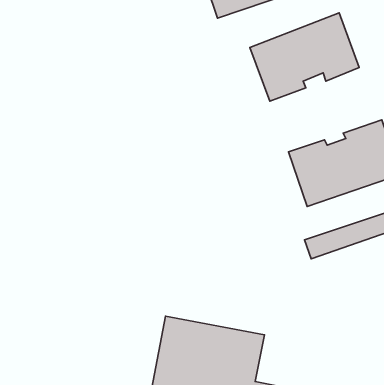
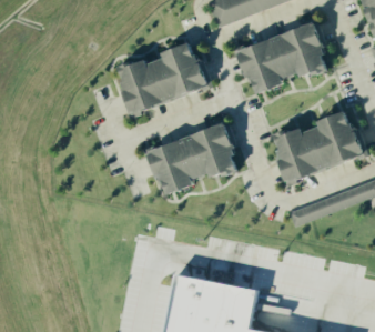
building: none -> [118,41,207,112]
building: none -> [151,125,240,194]

